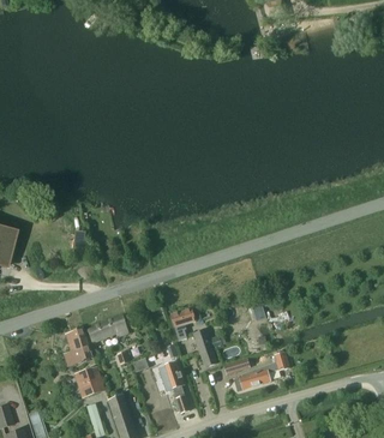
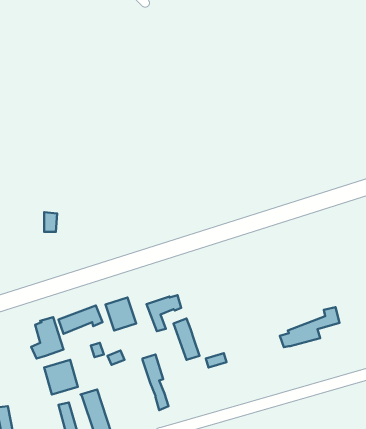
building: none -> [105,298,136,331]
building: [234,353,289,390] -> [280,307,339,347]

